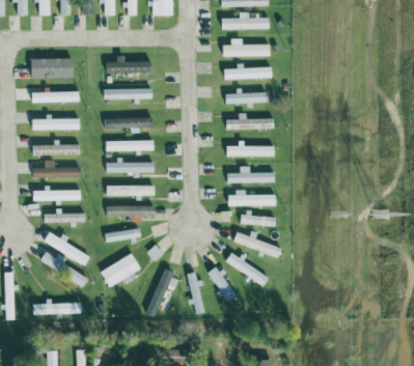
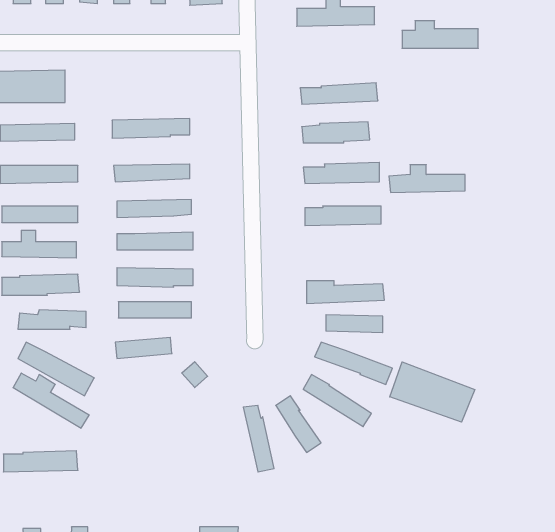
building: [222,38,271,56] -> [402,21,478,48]
building: [106,55,151,73] -> none
building: [226,166,275,184] -> [389,165,465,192]
building: none -> [390,362,475,422]
building: [100,254,139,287] -> none
building: [145,270,180,317] -> none

